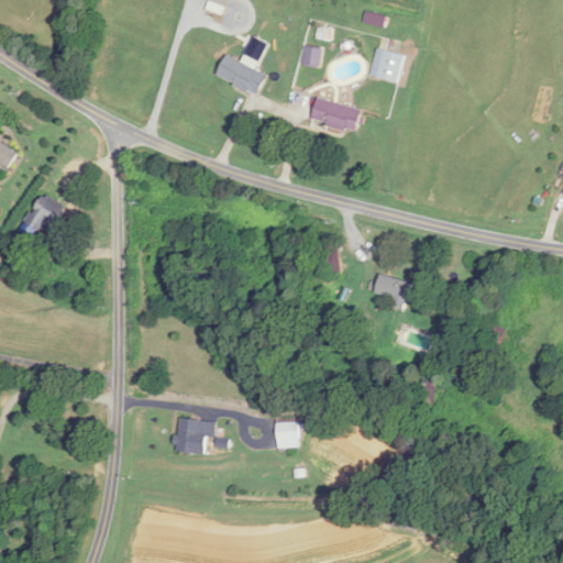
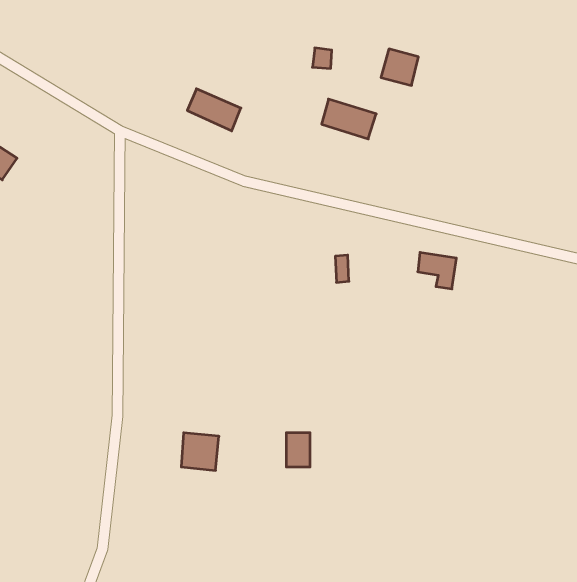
building: [216,55,267,96] -> [187,89,241,131]
building: [23,194,66,232] -> none
building: [374,275,411,310] -> [418,252,456,289]

